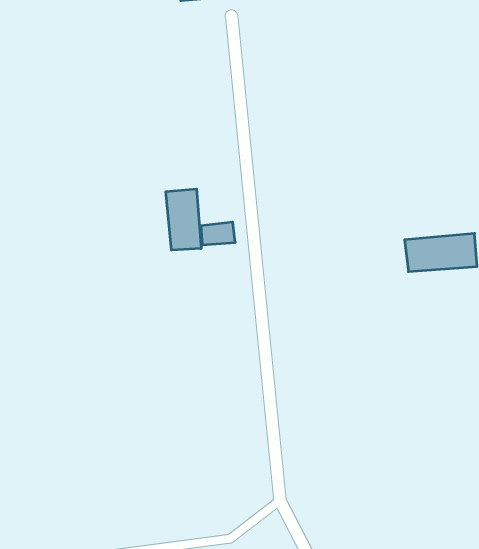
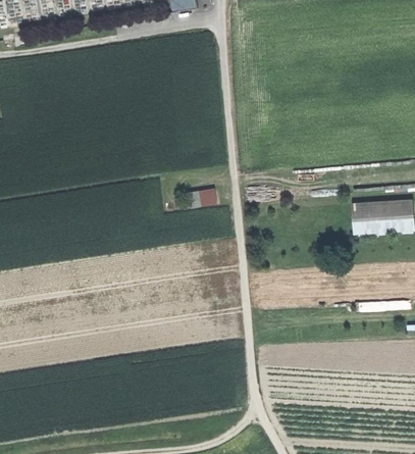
building: [166,189,201,250] -> none

